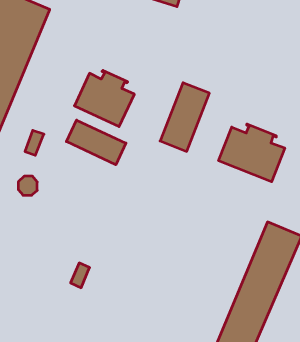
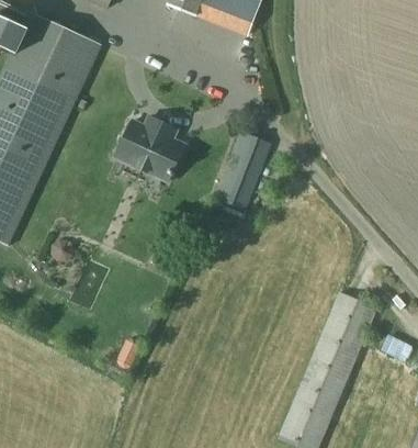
building: [66,120,126,165] -> none
building: [219,124,285,182] -> none

